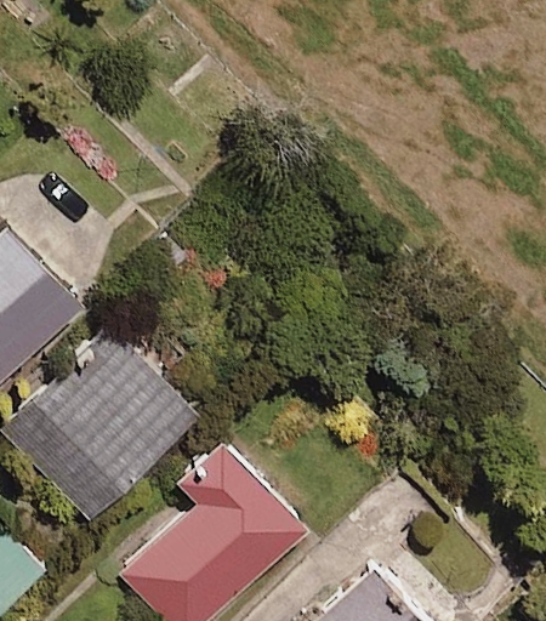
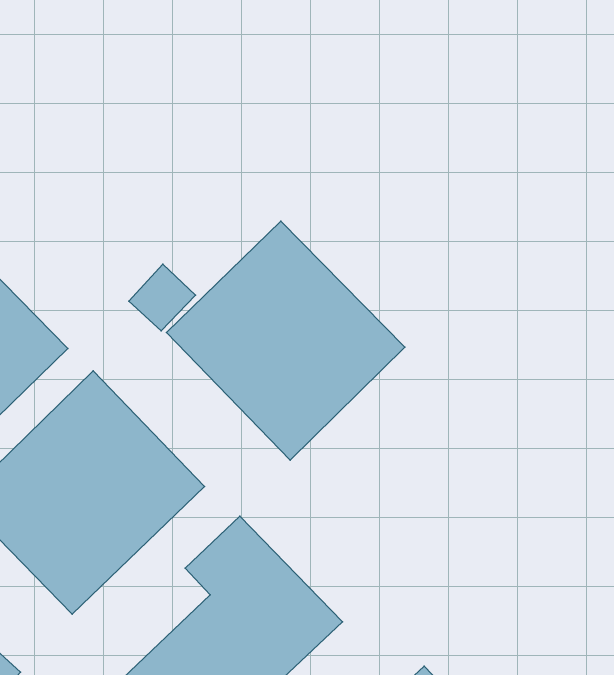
building: none -> [166,221,405,460]

